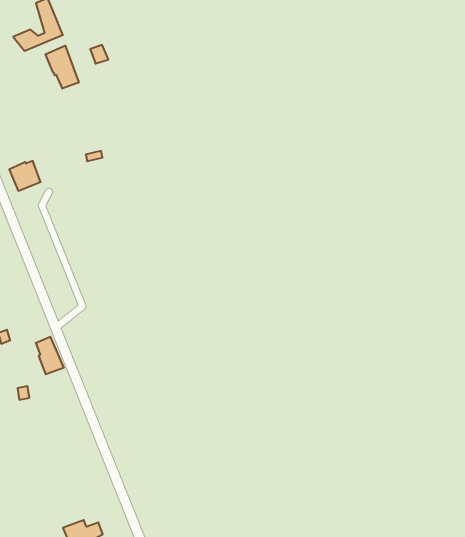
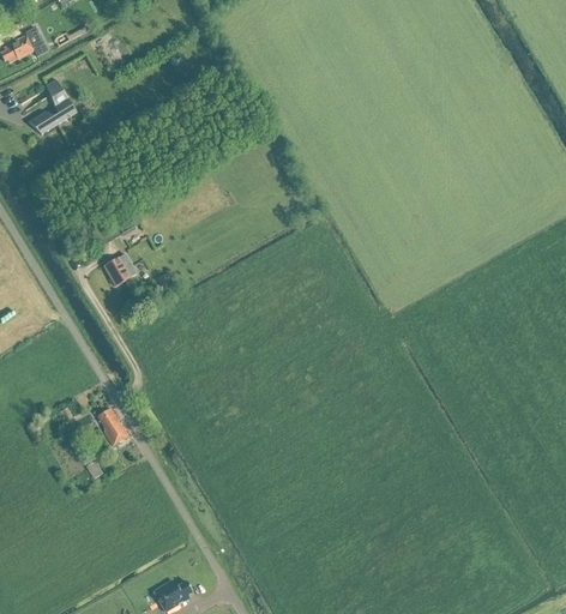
building: [46,46,79,89] -> none
building: [9,161,41,191] -> [103,254,136,285]

